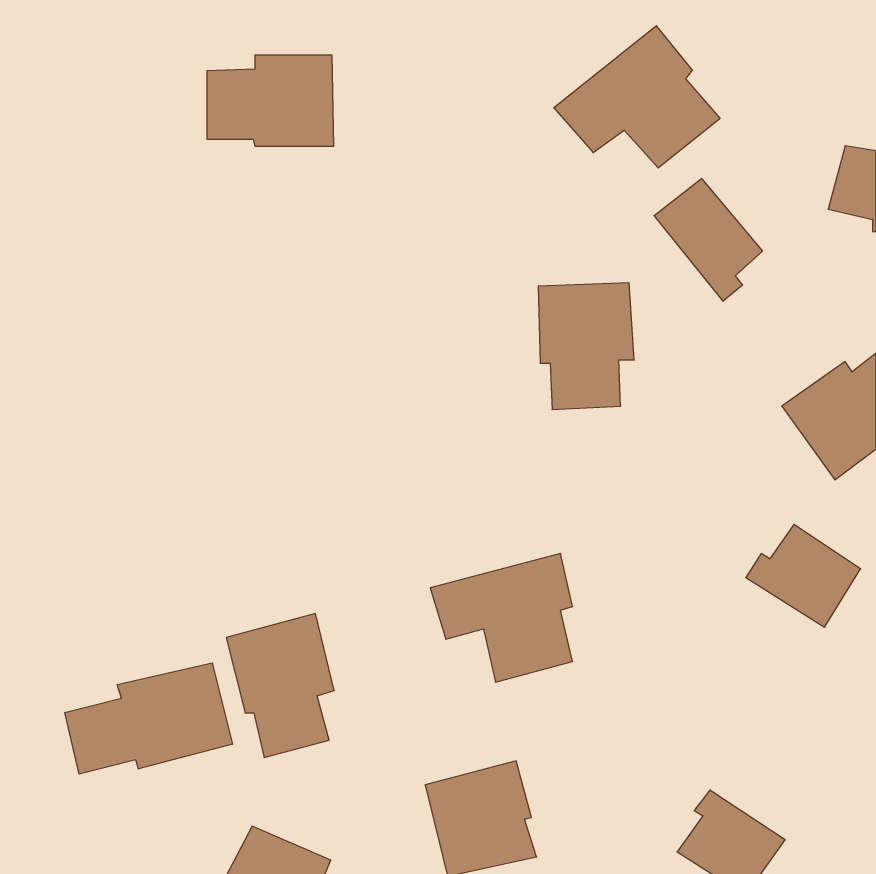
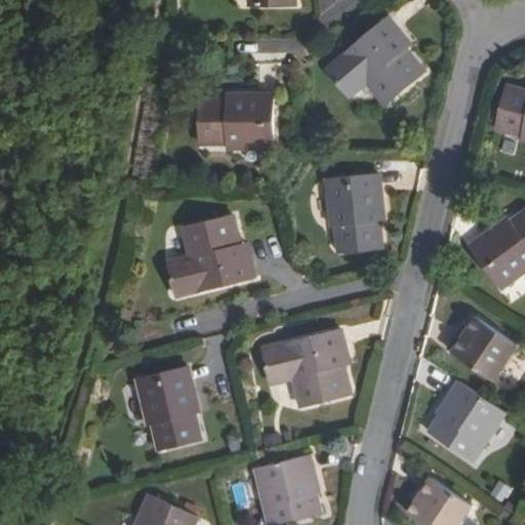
building: [207,55,334,146] -> [196,95,272,150]
building: [654,178,762,301] -> none
building: none -> [167,215,255,296]
building: none -> [426,378,504,459]
building: [65,663,233,774] -> none

